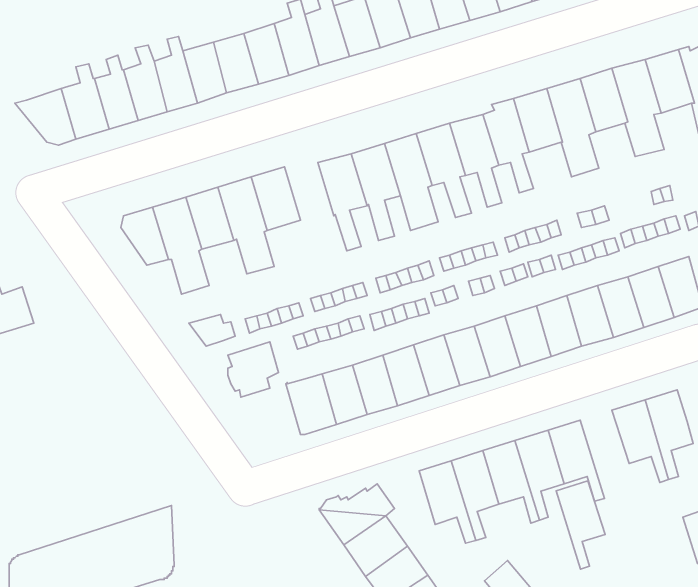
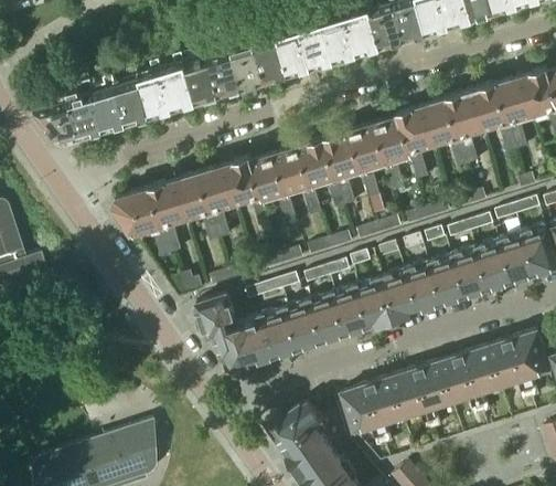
building: none -> [239,157,277,228]
building: none -> [206,326,252,371]
building: [556,481,605,569] -> [464,346,502,413]

